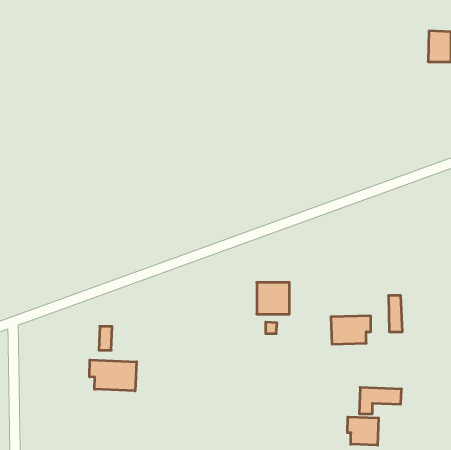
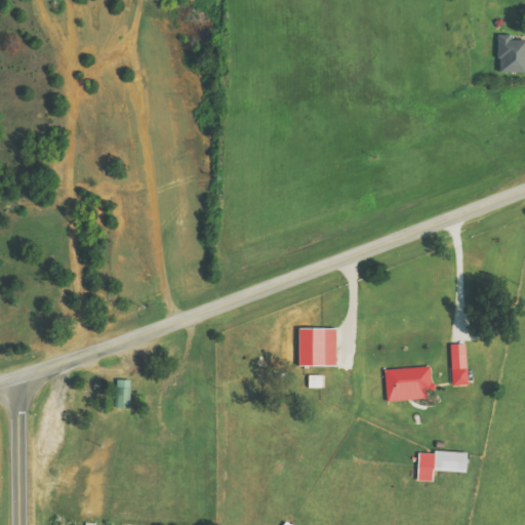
building: [90,360,137,391] -> none
building: [347,417,379,445] -> none

